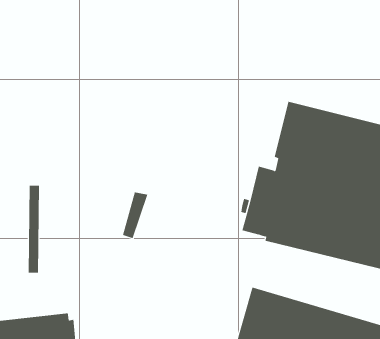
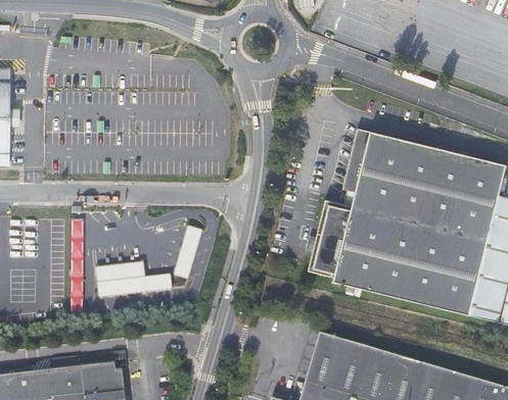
building: none -> [95,264,171,298]

